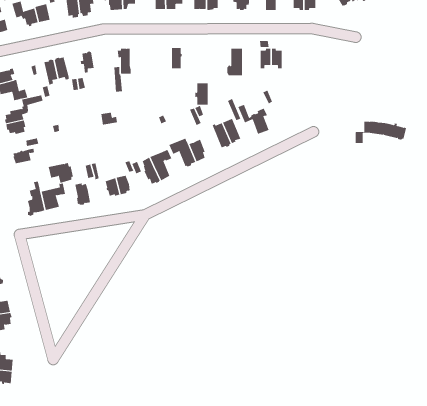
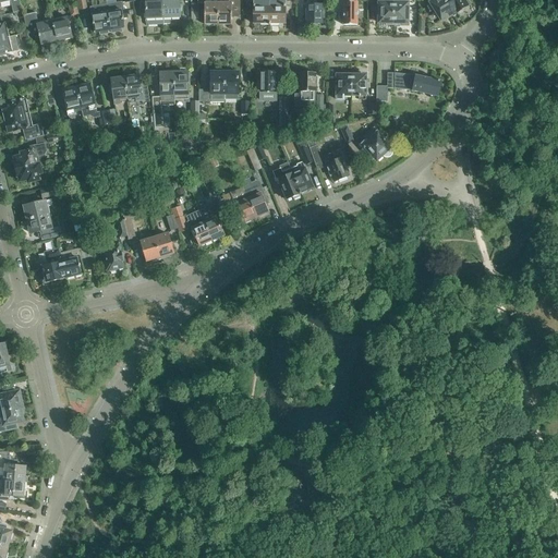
building: none -> [172,70,189,100]
building: none -> [198,70,223,99]
building: none -> [123,73,149,101]
building: [195,83,208,105] -> [257,70,275,98]
building: none -> [359,129,391,158]
building: [355,121,407,144] -> [375,71,440,99]
building: [48,163,74,183] -> [26,211,59,238]

